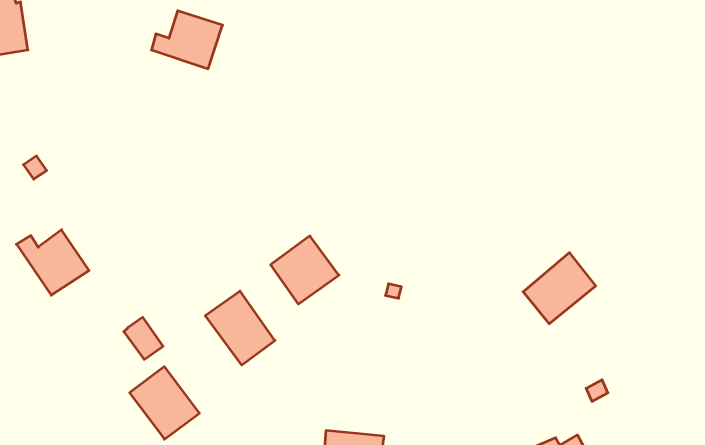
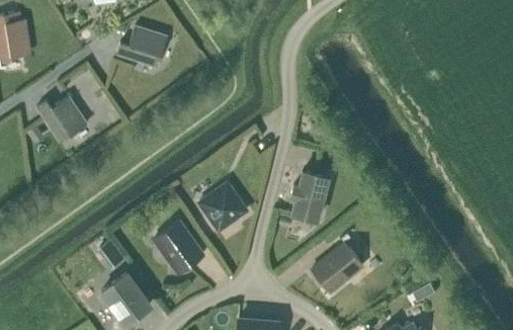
building: none -> [290,171,328,221]
building: [16,230,89,295] -> [36,96,87,142]
building: [523,253,596,324] -> [312,243,362,293]

